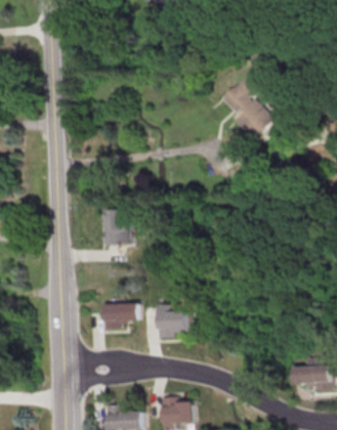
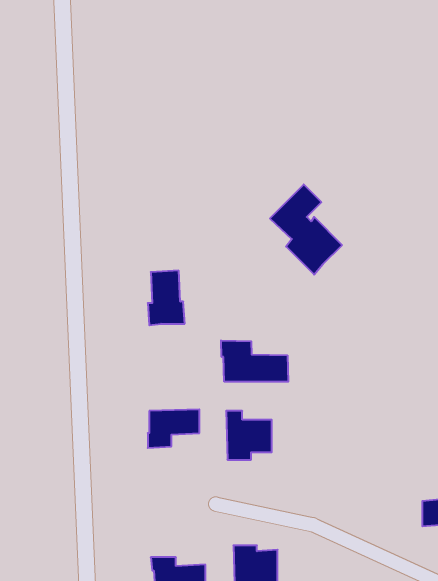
building: [223,76,273,138] -> [270,184,342,275]
building: none -> [221,340,288,382]

